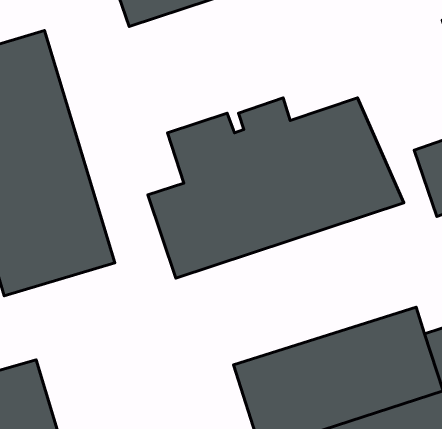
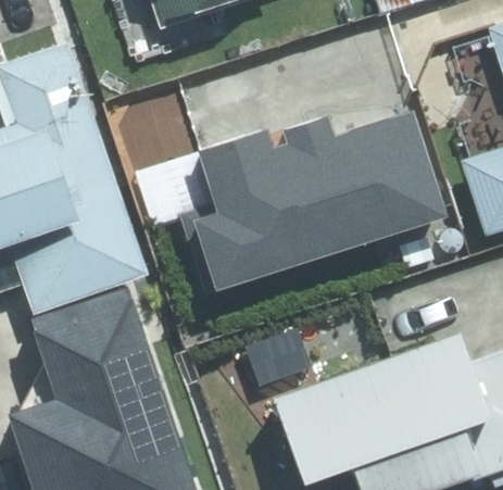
building: none -> [49,290,183,454]

